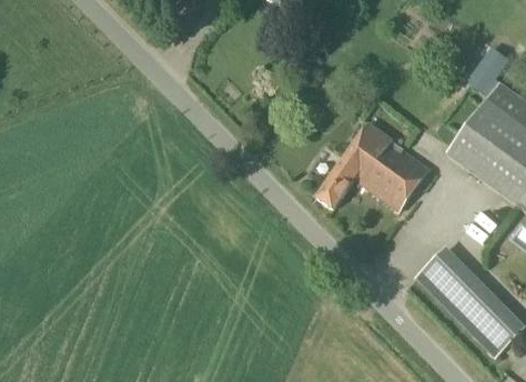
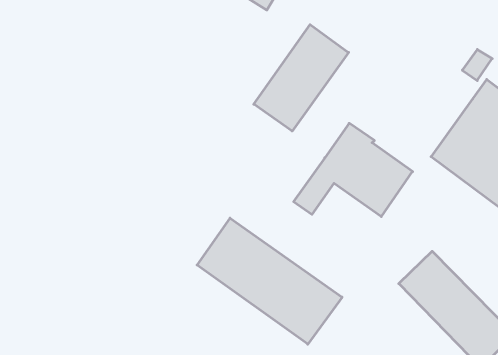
building: none -> [254,25,349,131]
building: none -> [197,218,342,344]

